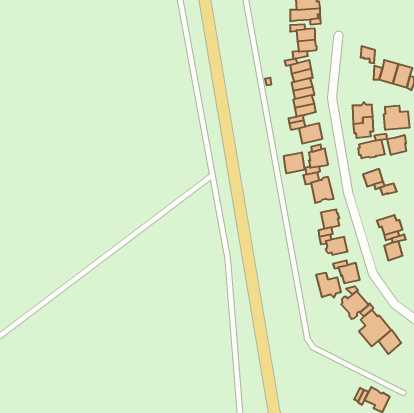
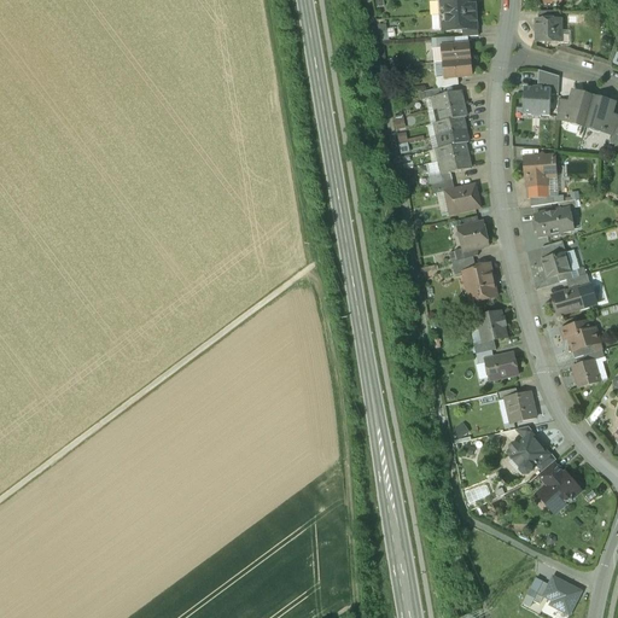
building: none -> [536,18,561,41]
building: none -> [523,86,550,115]
building: [384,106,409,130] -> none
building: [387,135,406,155] -> none
building: [284,152,304,173] -> none
building: none -> [553,287,583,314]
building: [316,273,341,298] -> none
building: [378,330,401,354] -> none

